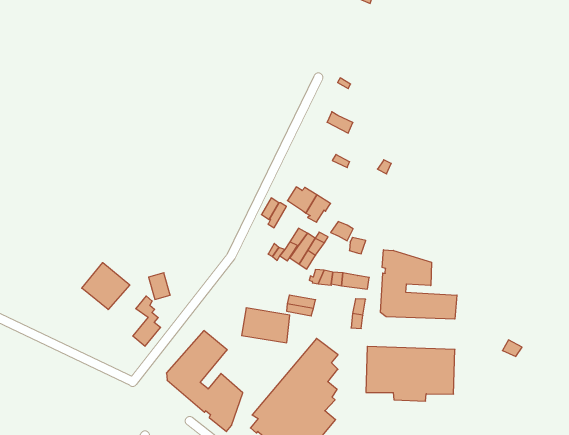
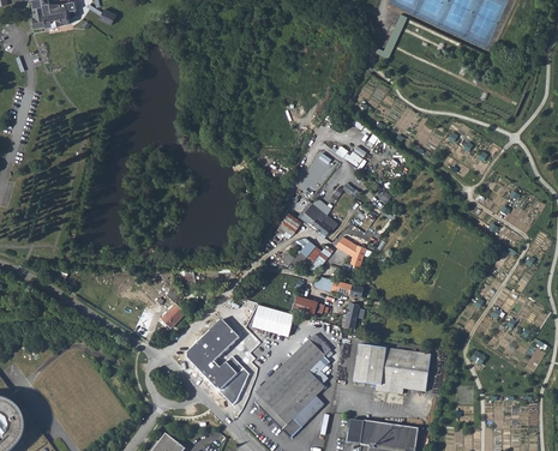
building: [380,250,457,319] -> none
building: [82,263,130,310] -> none

